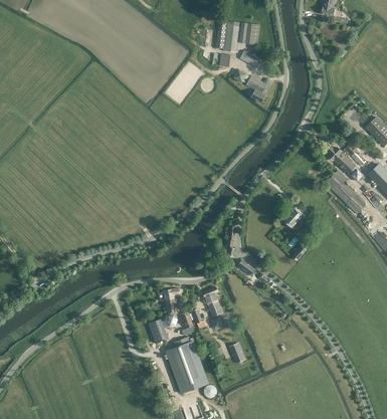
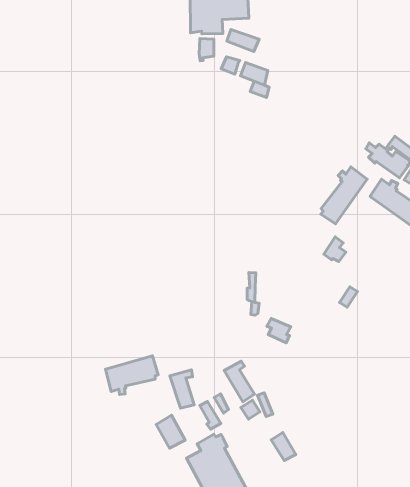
building: none -> [321,167,367,224]
building: none -> [105,356,158,395]

